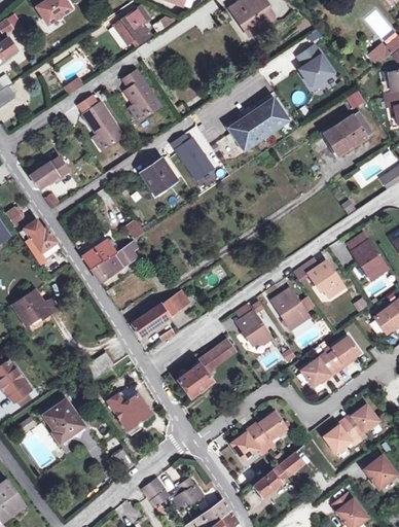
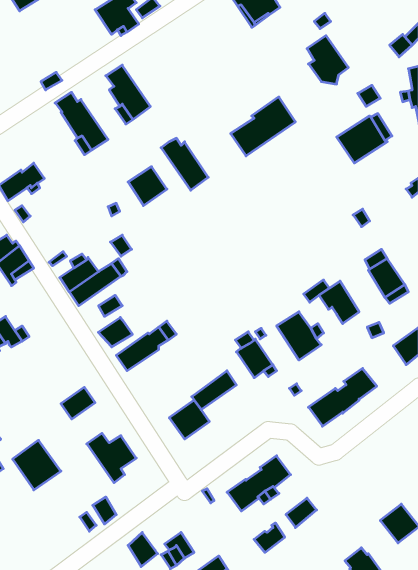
building: none -> [98,317,132,347]
building: [322,405,377,453] -> none

